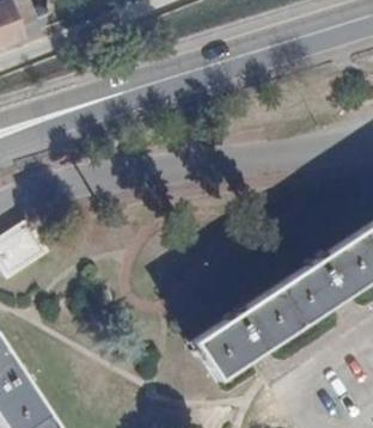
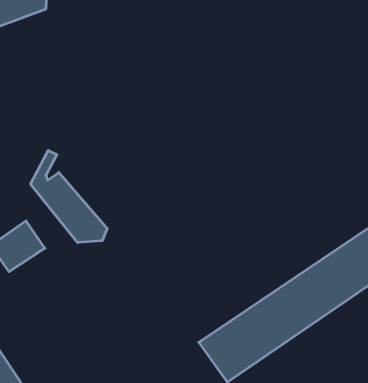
building: none -> [31,150,107,243]

